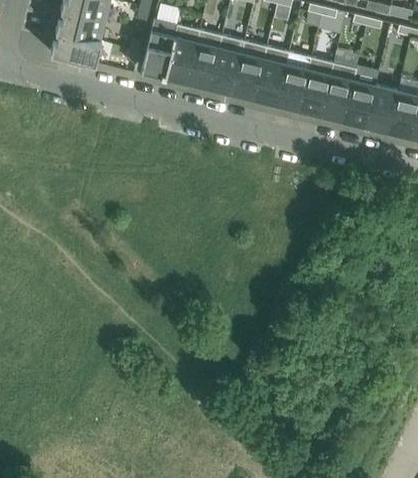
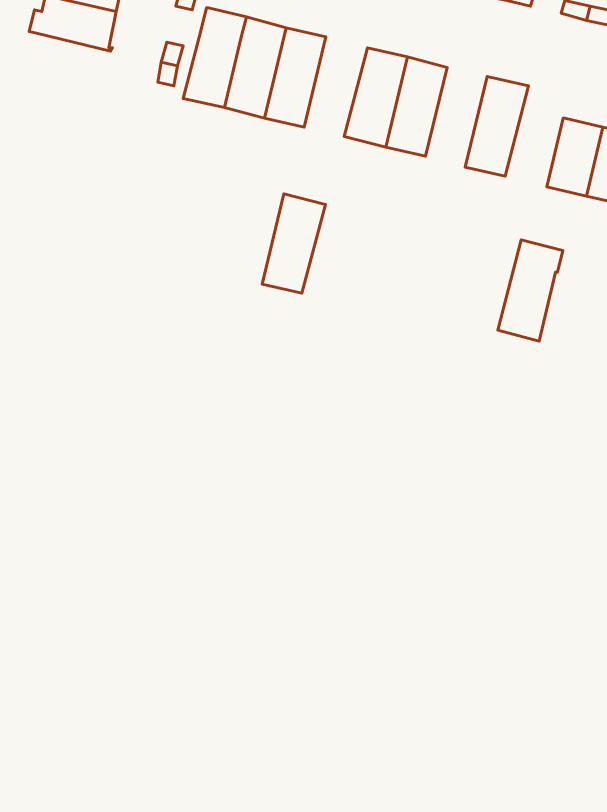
building: [51,35,102,67] -> none
building: [210,37,245,93] -> [262,194,325,293]
building: [277,54,311,110] -> none
building: [321,65,358,121] -> [498,240,563,341]

